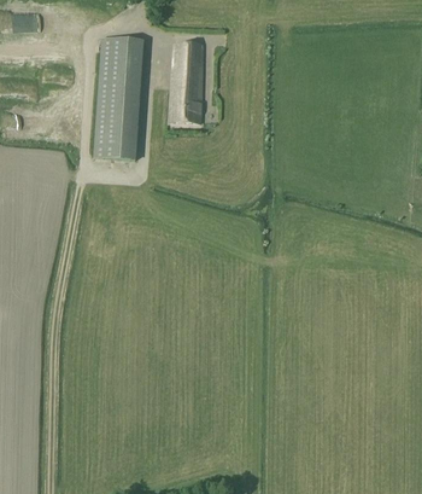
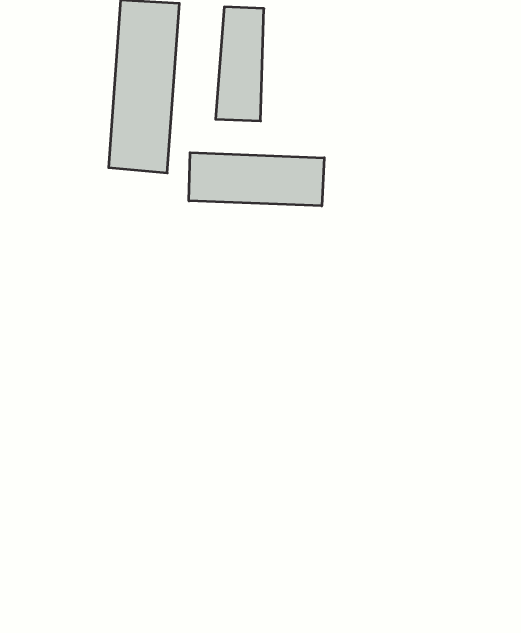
building: none -> [189,153,324,206]

